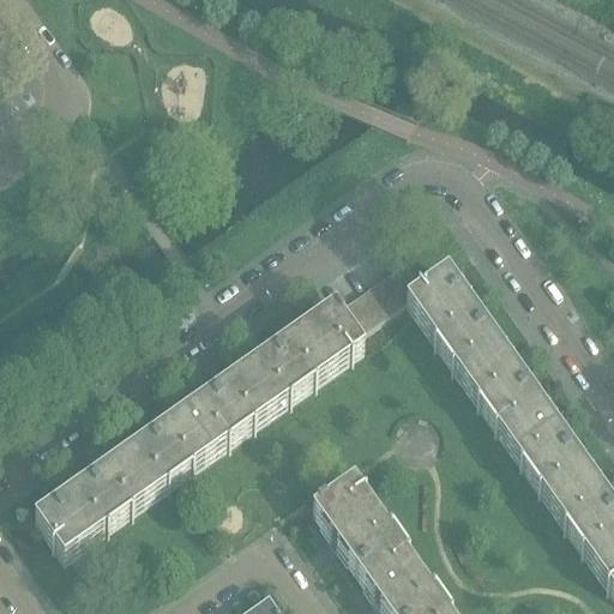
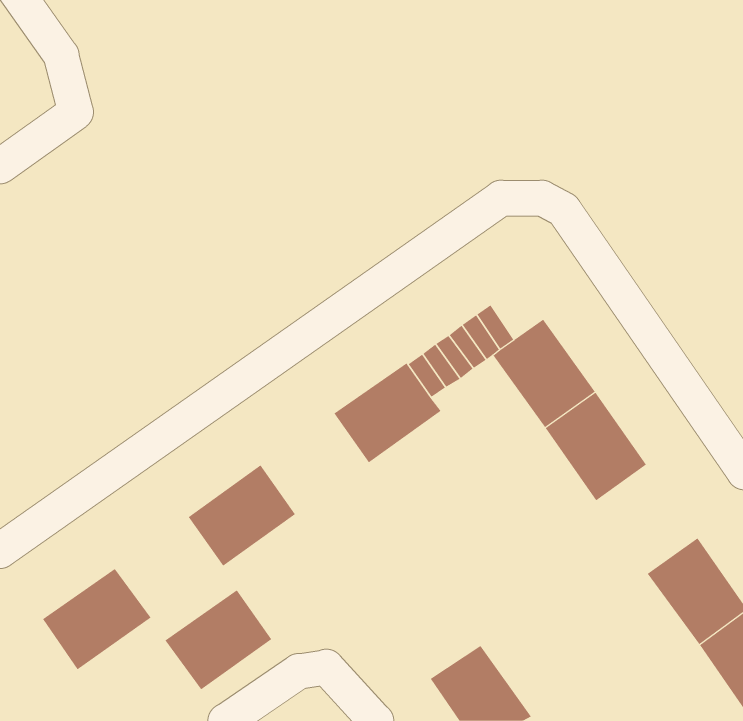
building: [216,341,305,423] -> none
building: [492,383,576,472] -> none
building: [96,426,185,508] -> [164,590,272,690]
building: [313,471,397,559] -> none

